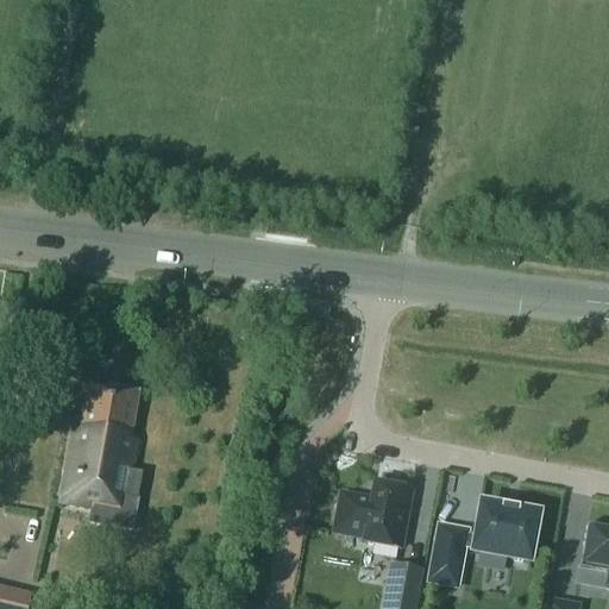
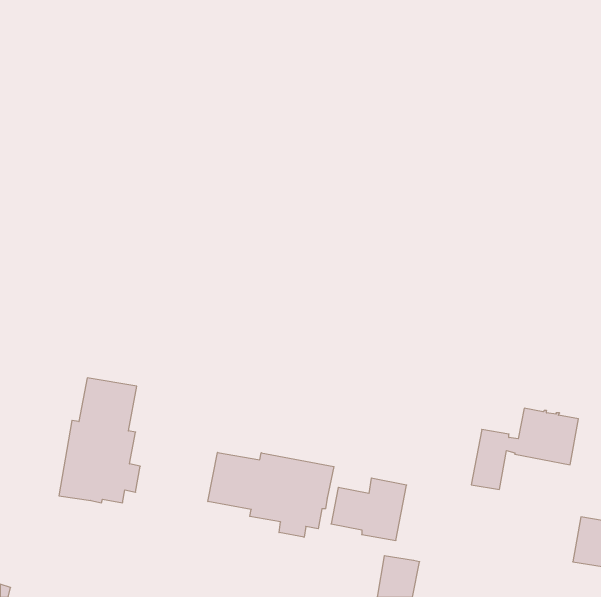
building: none -> [208,452,334,537]
building: [429,503,538,585] -> [471,408,578,489]

